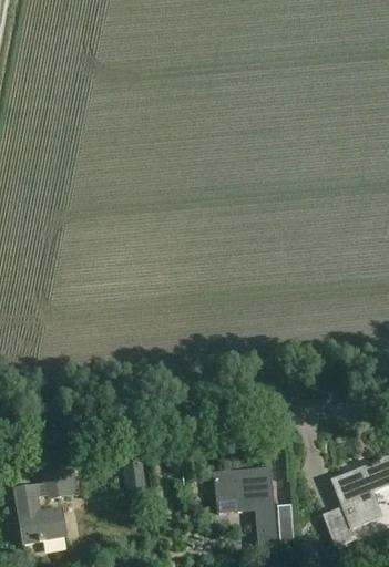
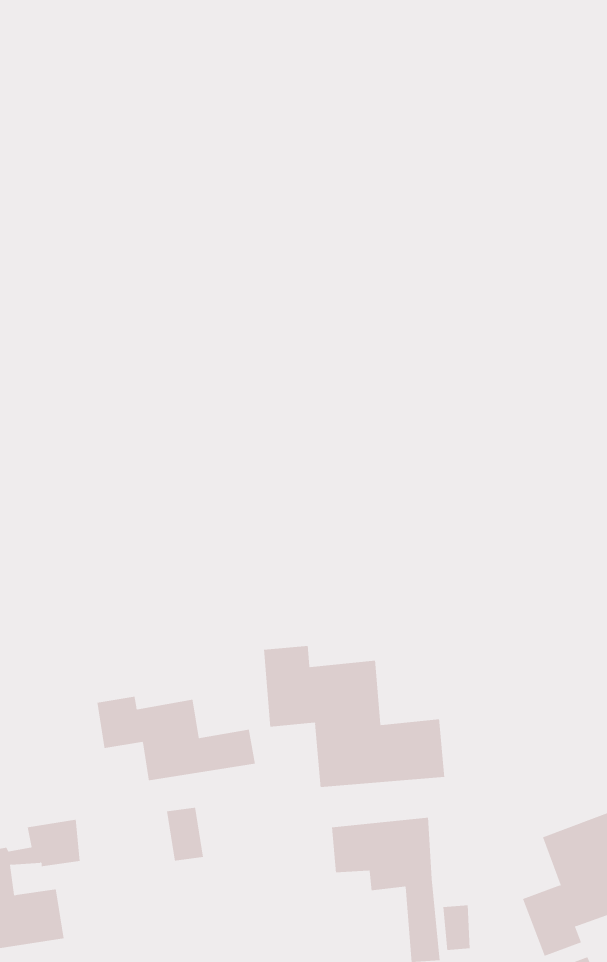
building: none -> [264,645,445,788]
building: none -> [97,696,255,781]

